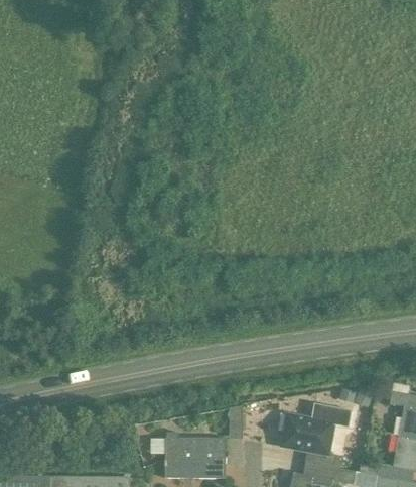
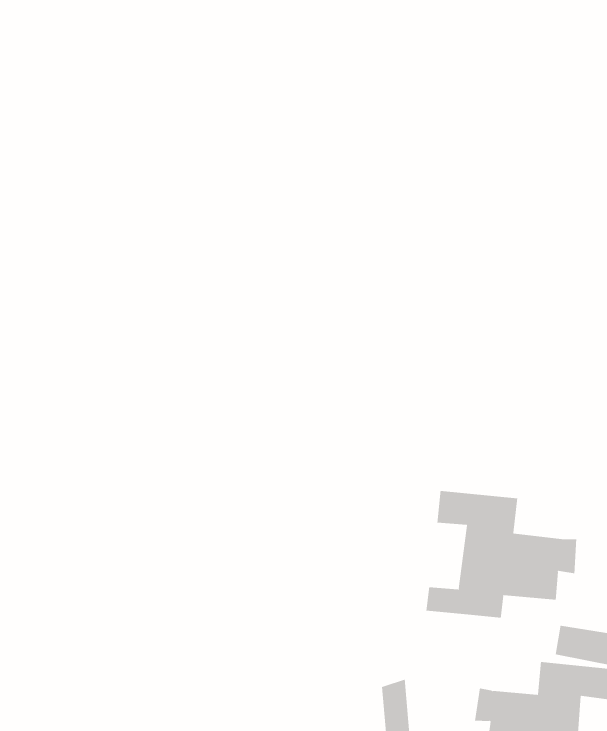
building: none -> [426,490,577,619]

